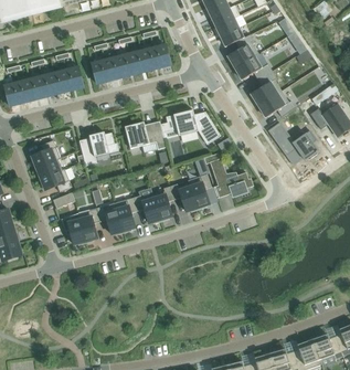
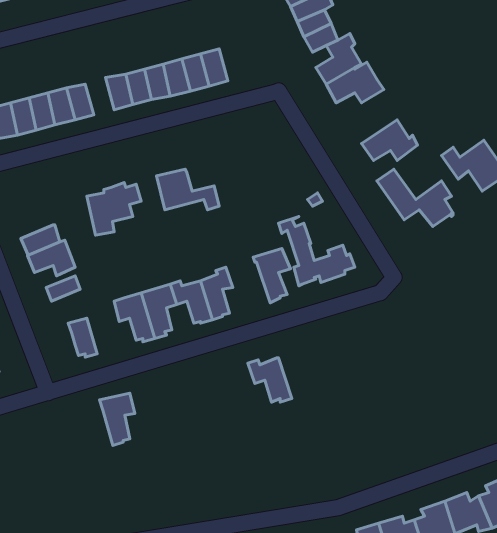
building: [251,70,280,105] -> none
building: [159,109,221,142] -> none
building: [30,134,60,167] -> none
building: [169,182,198,211] -> [248,358,292,402]
building: [76,208,99,242] -> [99,393,135,446]

